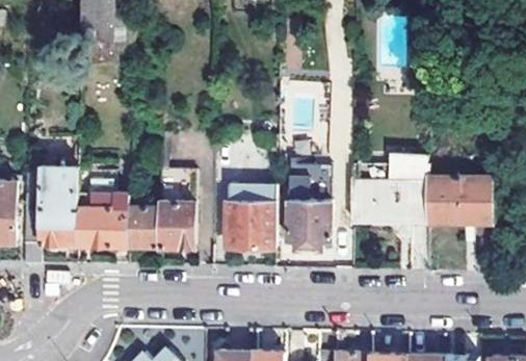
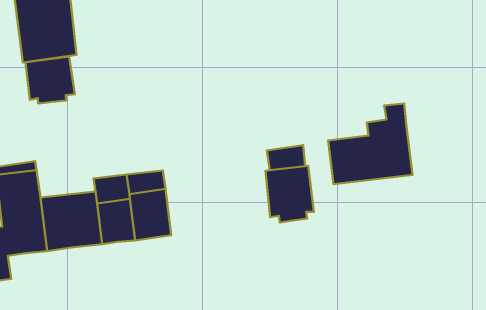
building: none -> [25,57,75,103]
building: [426,178,492,225] -> none
building: [226,185,275,249] -> none

